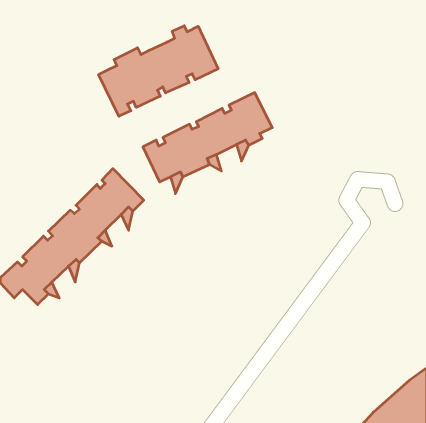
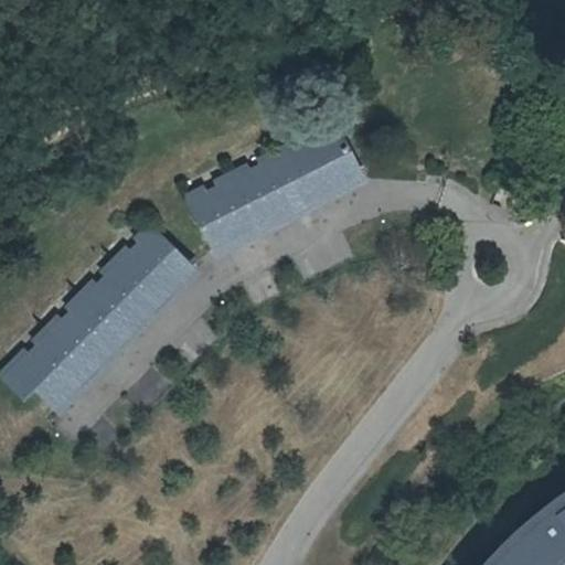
building: [99,26,218,116] -> none

